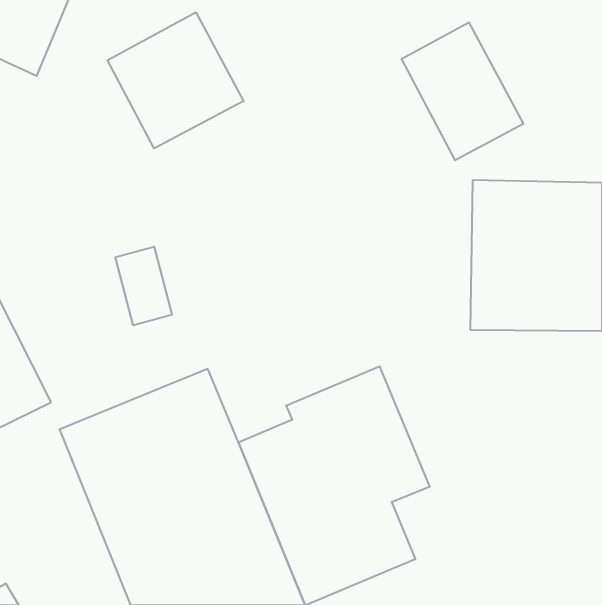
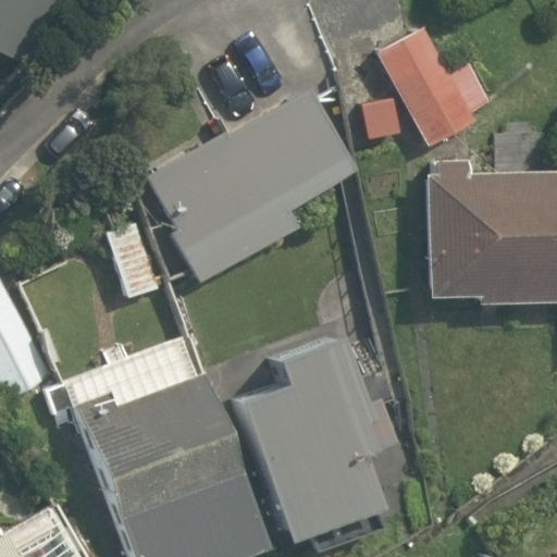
building: [107,12,244,148] -> none
building: none -> [148,91,357,280]

